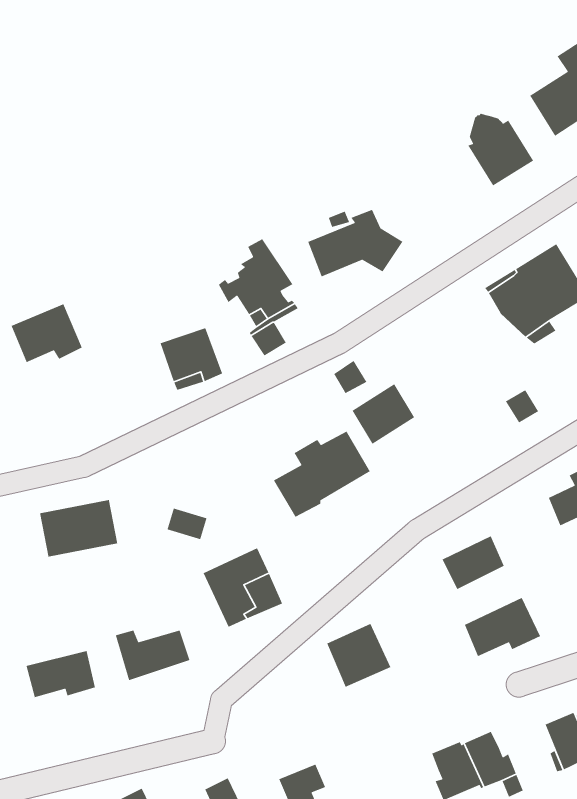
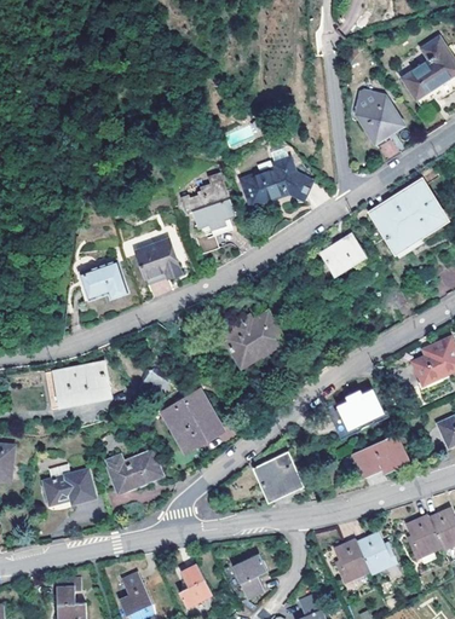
building: [11,303,83,363] -> [76,259,127,301]
building: [351,383,415,445] -> [321,235,365,278]

